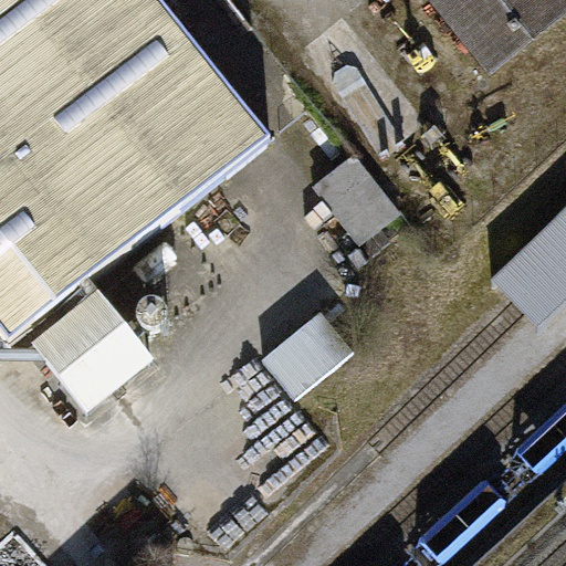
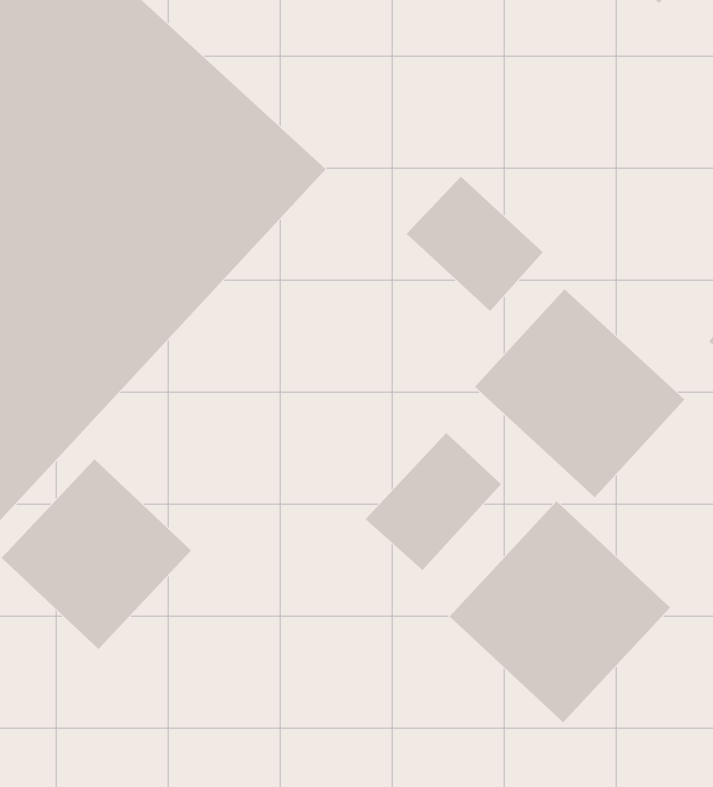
building: none -> [474,288,685,498]
building: none -> [449,501,671,723]

